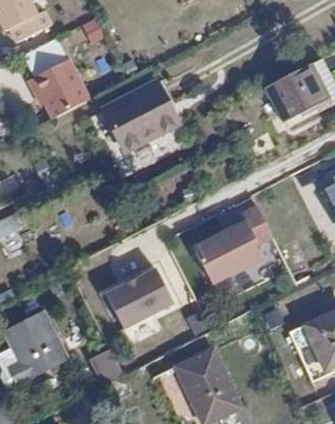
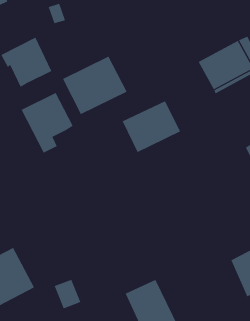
building: none -> [21,92,73,154]
building: [194,219,265,282] -> [122,101,181,153]
building: [102,265,173,329] -> none

